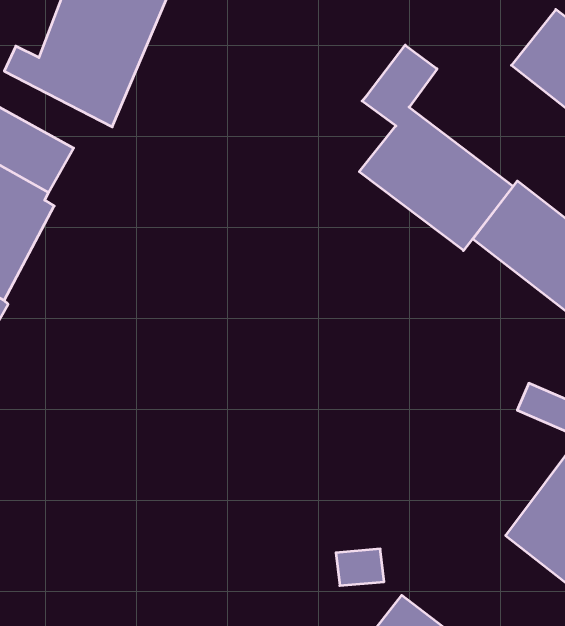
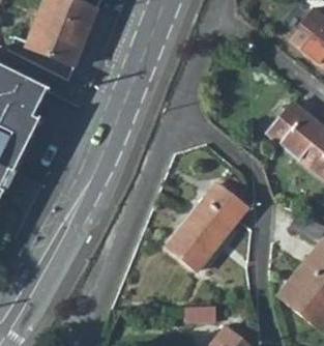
building: [359,45,513,251] -> none
building: none -> [166,183,245,271]

